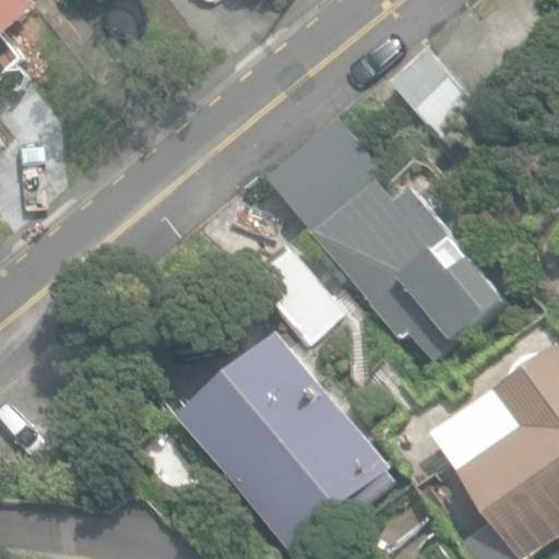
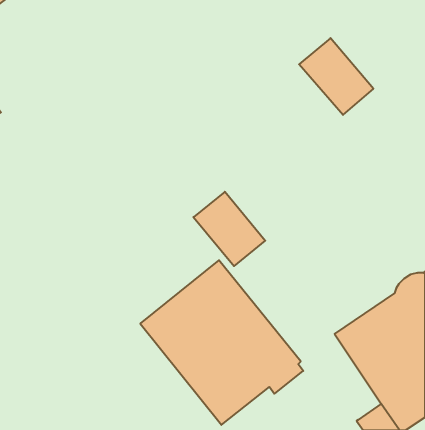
building: [272,120,511,356] -> none

